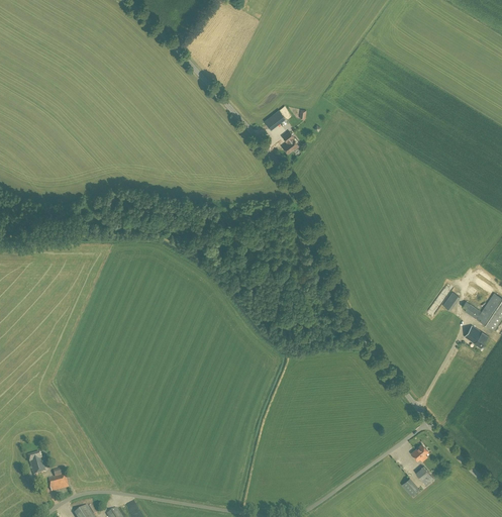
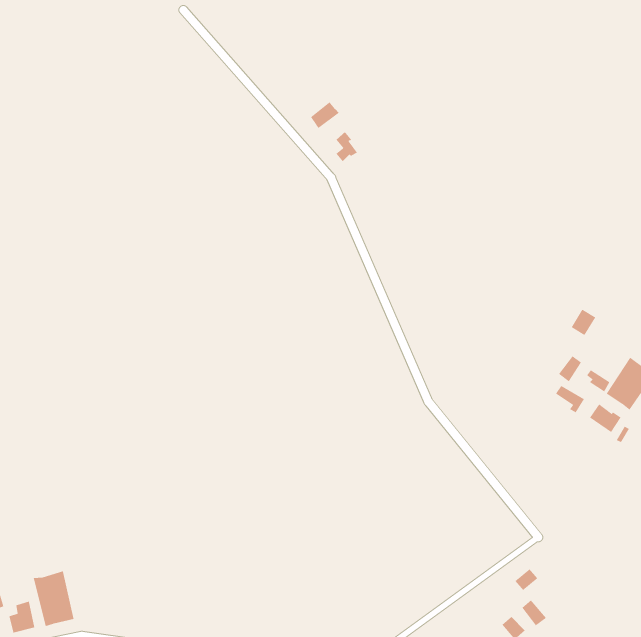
building: none -> [33,571,74,627]

